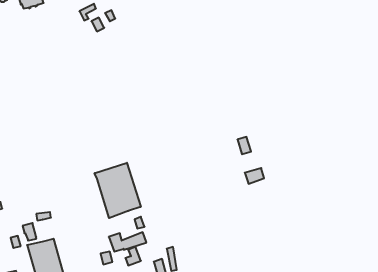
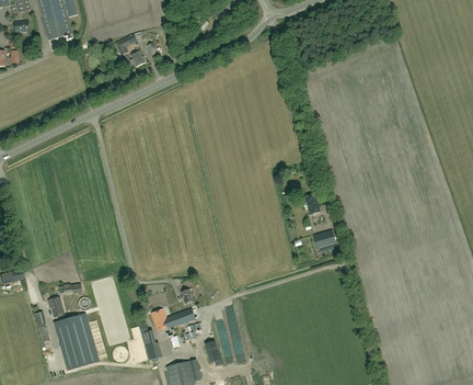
building: [95,163,141,218] -> none

